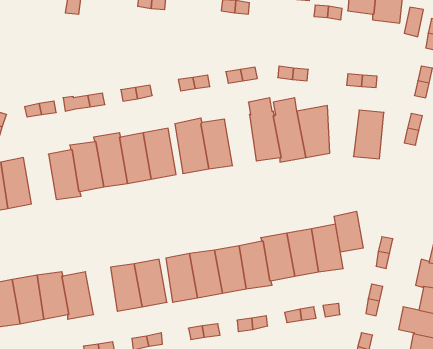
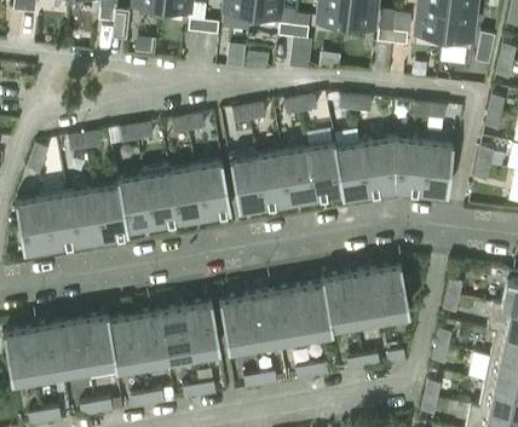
building: none -> [392,139,426,194]
building: none -> [282,149,316,203]
building: none -> [67,191,102,244]
building: [334,211,363,252] -> none
building: none -> [133,312,167,363]

